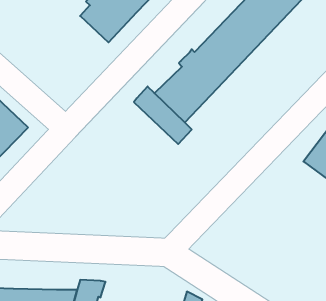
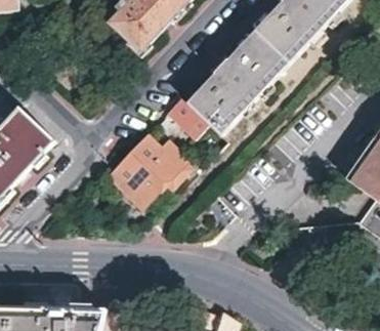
building: none -> [108,135,188,207]

